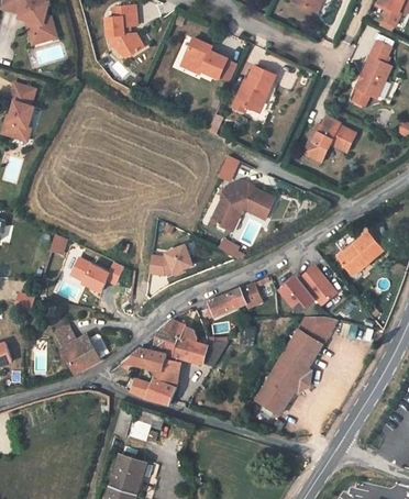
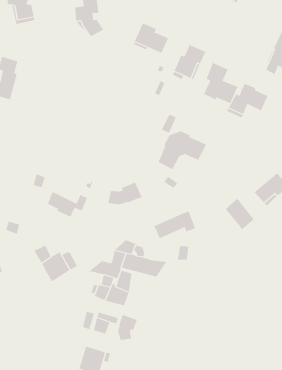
building: none -> [204,62,238,104]
building: [279,276,316,307] -> none
building: [255,317,336,414] -> none
building: none -> [118,314,137,341]

